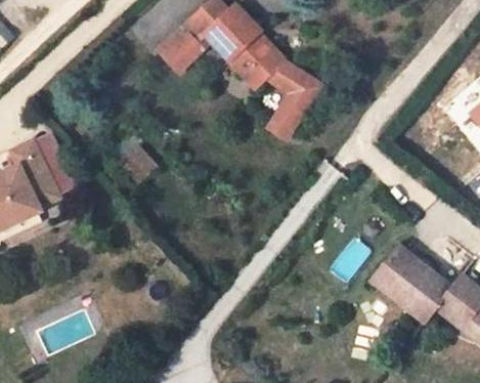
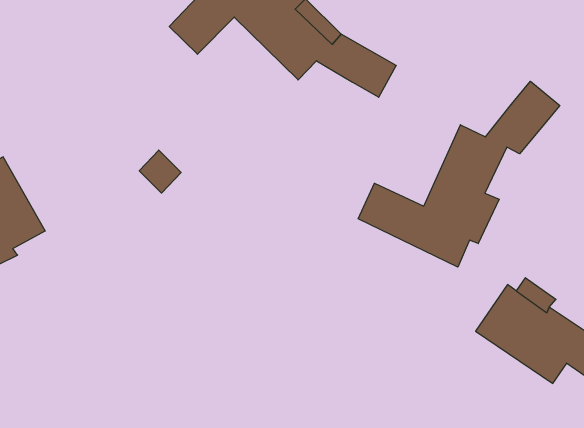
building: [269,95,311,144] -> none
building: none -> [358,81,560,267]

